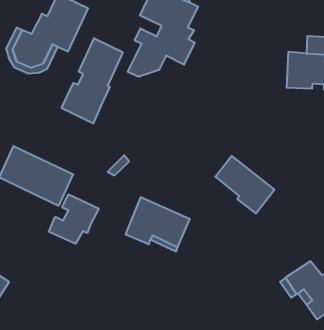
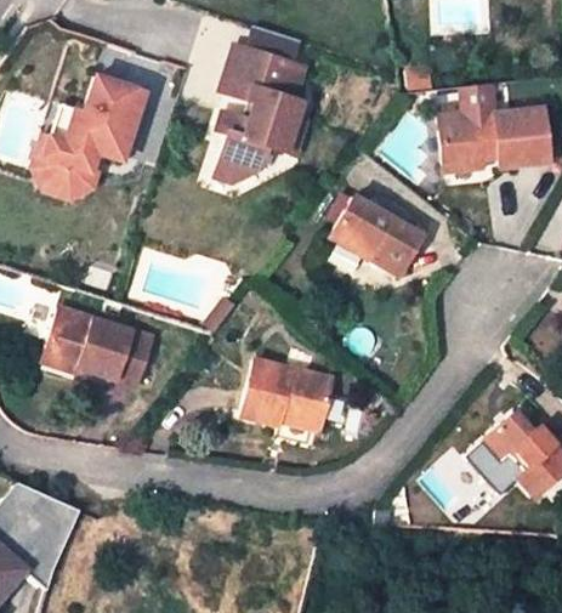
building: [62,38,123,123] -> none
building: [215,156,274,213] -> [329,198,418,277]
building: [49,194,99,244] -> none

